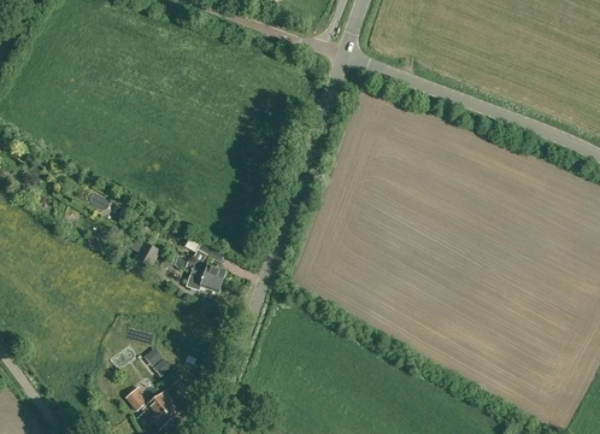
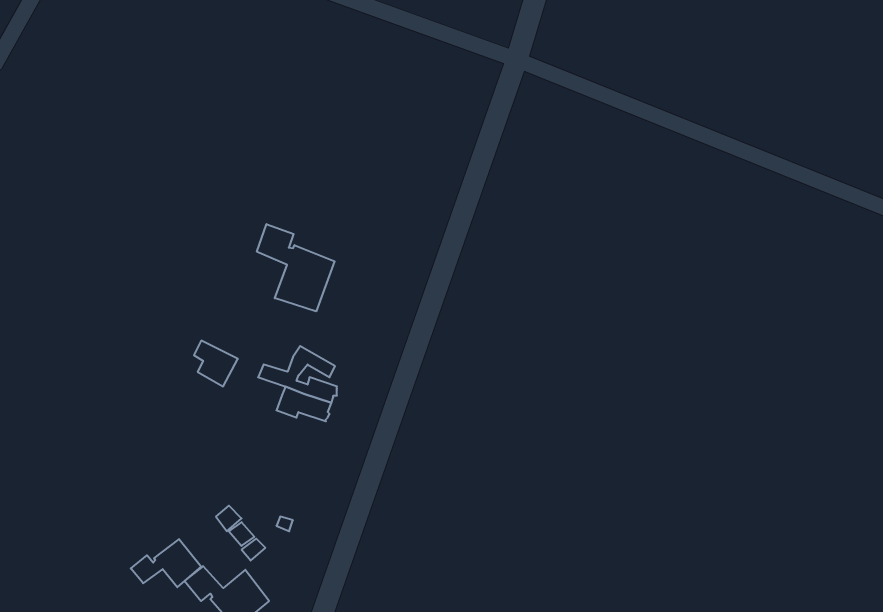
building: none -> [257,224,335,311]
building: none -> [131,539,201,587]

